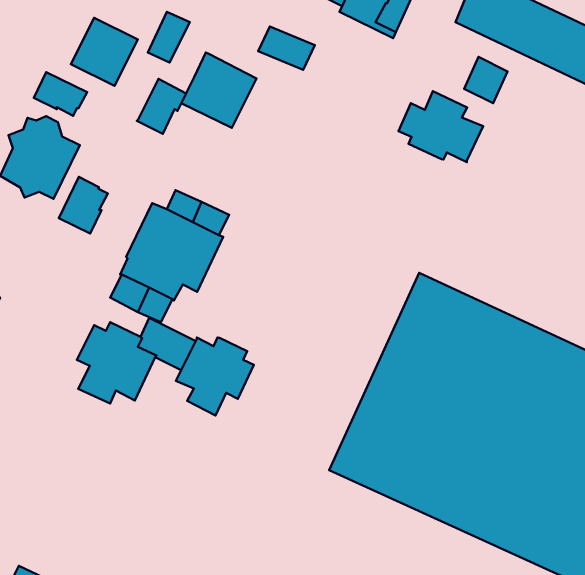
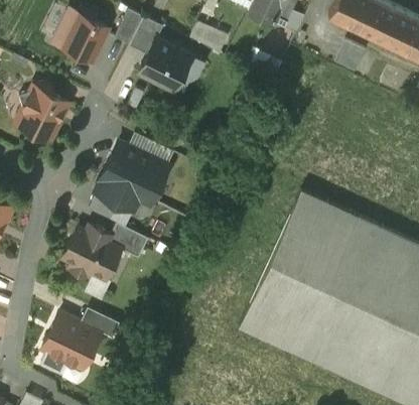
building: [34,72,87,116] -> none
building: [137,79,186,134] -> [129,17,163,55]
building: [399,91,483,162] -> none
building: [59,177,108,233] -> none
building: [176,338,254,415] -> none
building: none -> [38,307,102,371]

